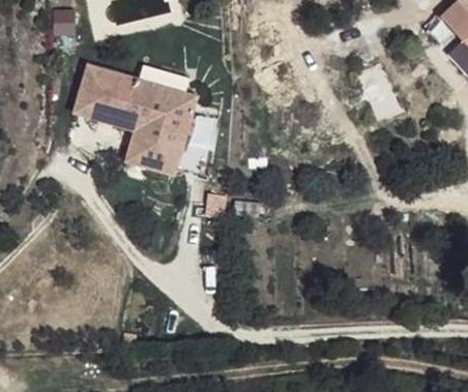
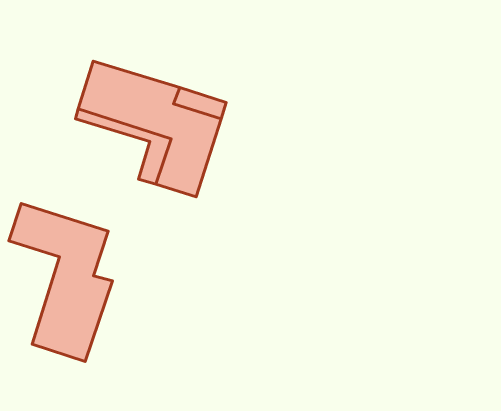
building: none -> [9,203,112,361]

